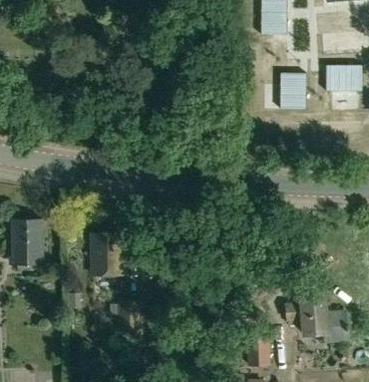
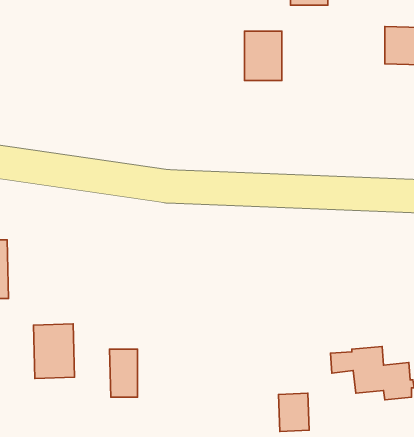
building: [279,75,307,112] -> [245,31,282,80]
building: [92,233,123,274] -> [33,324,75,378]

